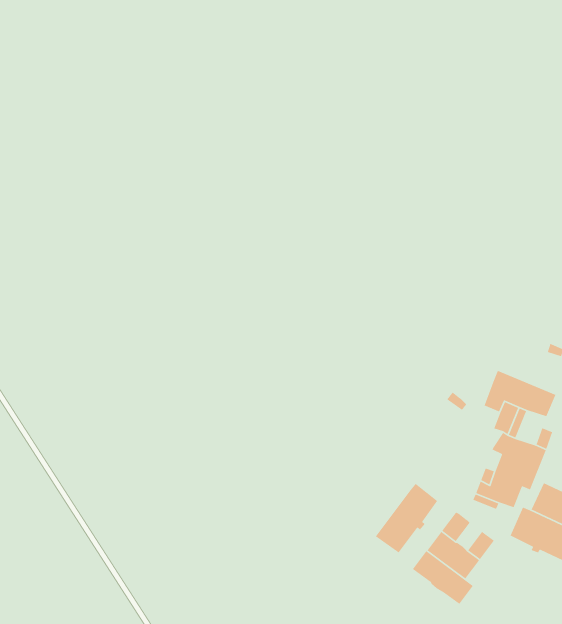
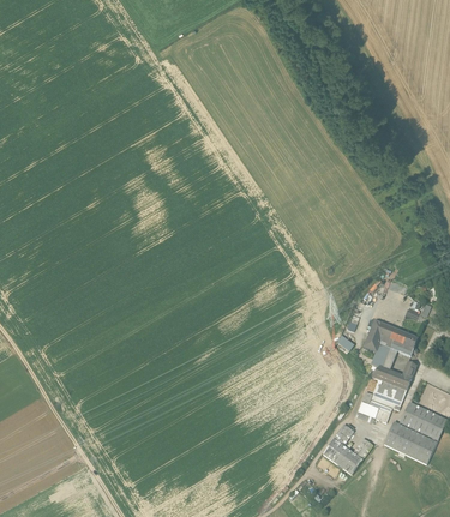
building: [375,483,438,554] -> none
building: [412,550,474,605] -> none

